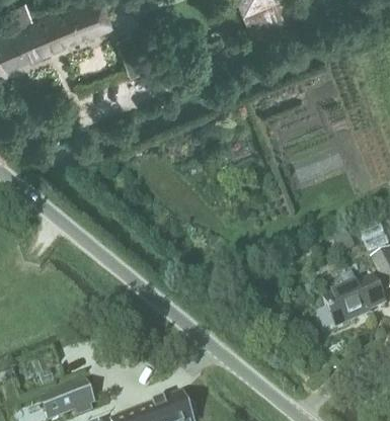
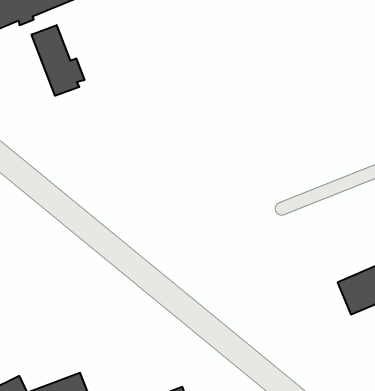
building: none -> [32,25,84,96]

